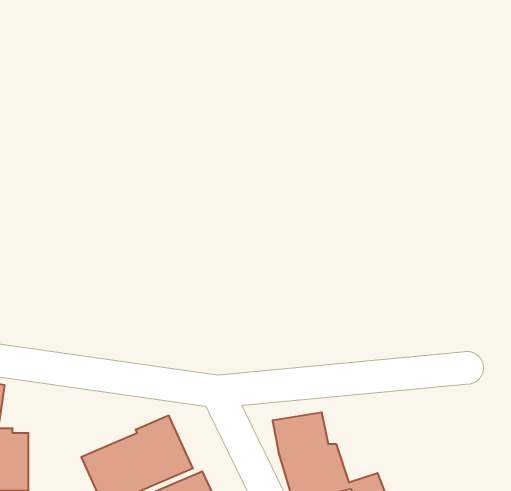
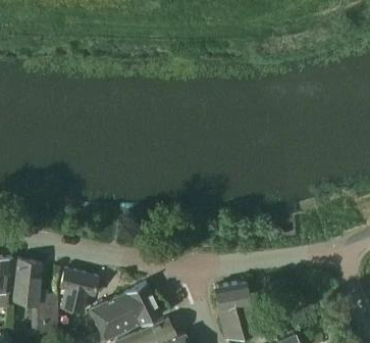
building: none -> [61,268,98,313]

